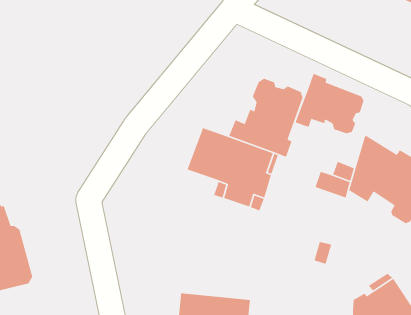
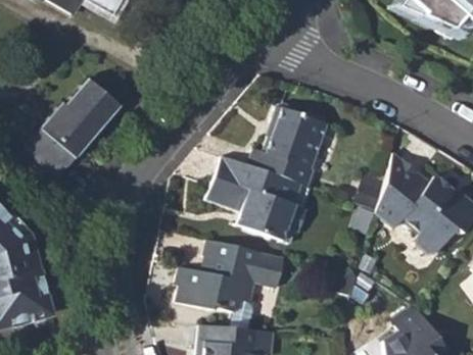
building: none -> [23,82,119,178]
building: [294,73,365,134] -> none
building: none -> [176,238,282,312]

